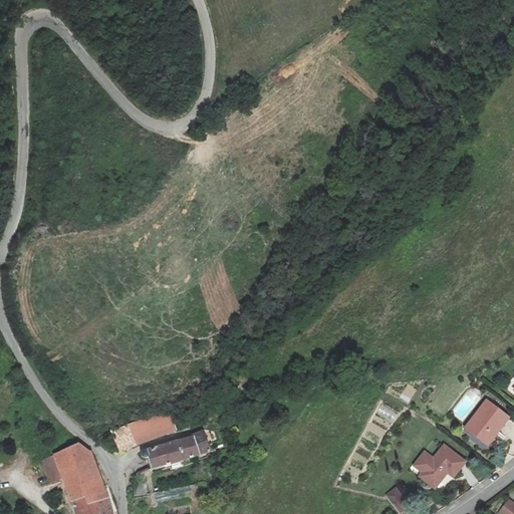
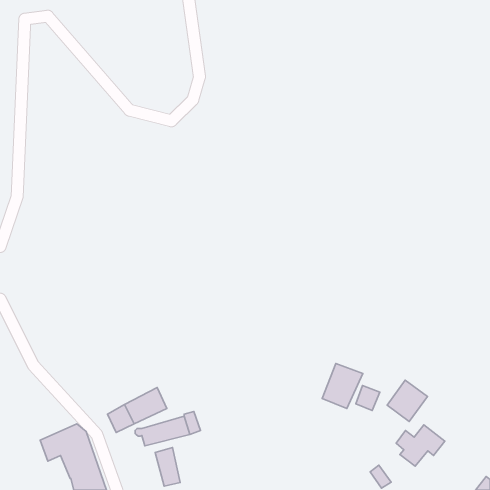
building: none -> [322,363,363,409]
building: [466,401,508,444] -> [387,380,427,421]
building: none -> [155,448,180,486]

